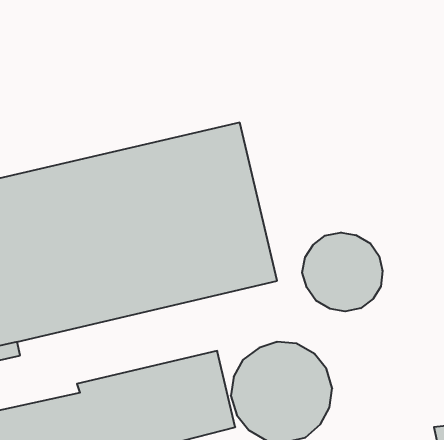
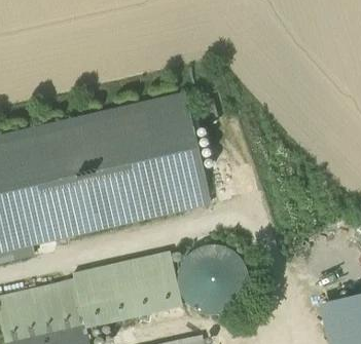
building: [302,232,382,311] -> none

